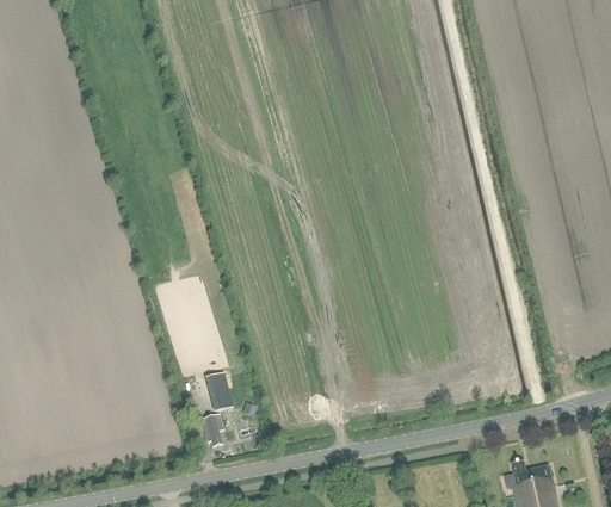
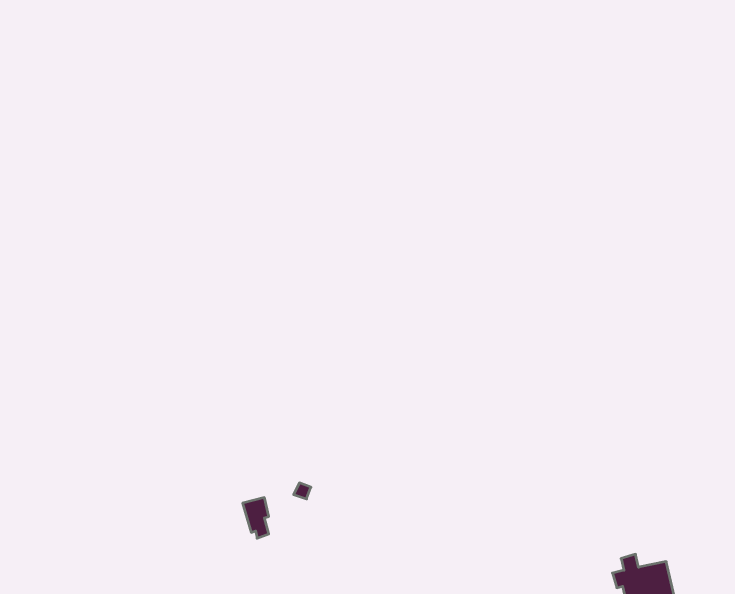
building: [206,372,233,412] -> none

